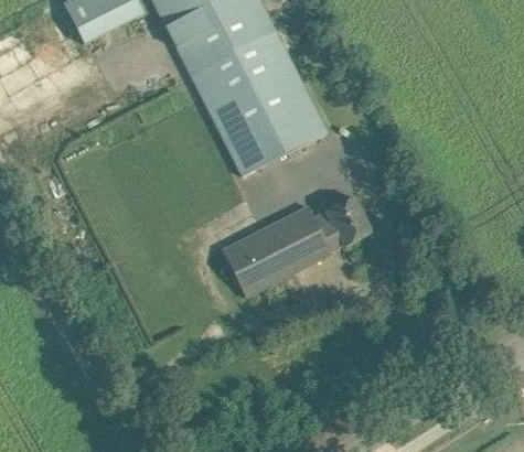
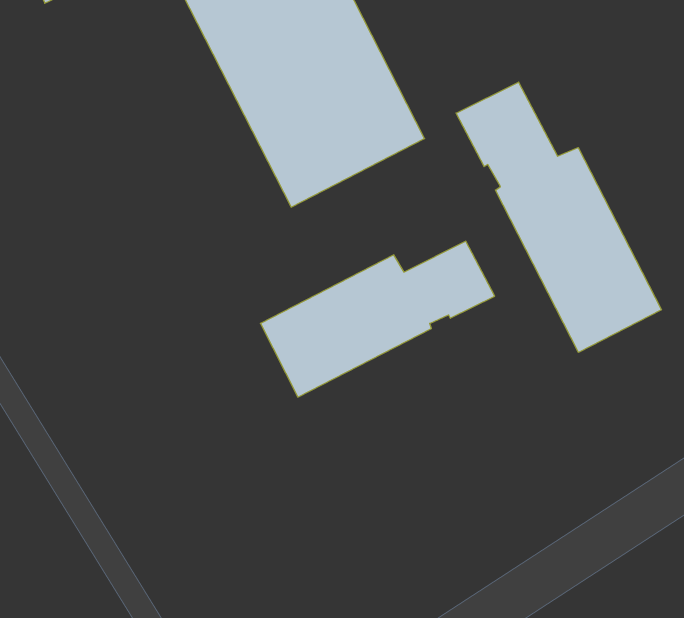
building: none -> [456,82,661,352]

